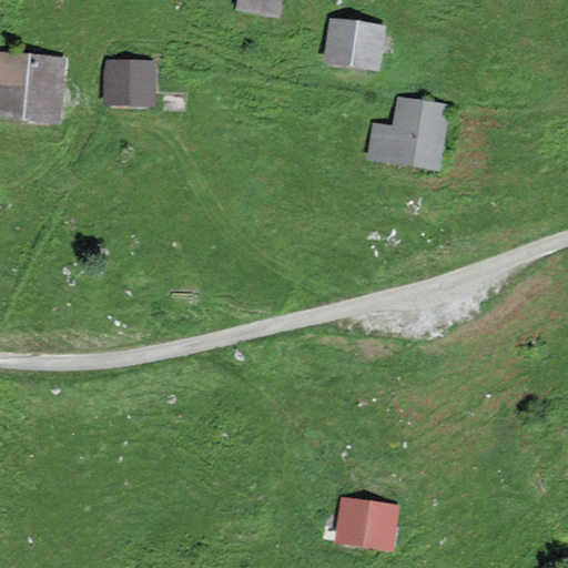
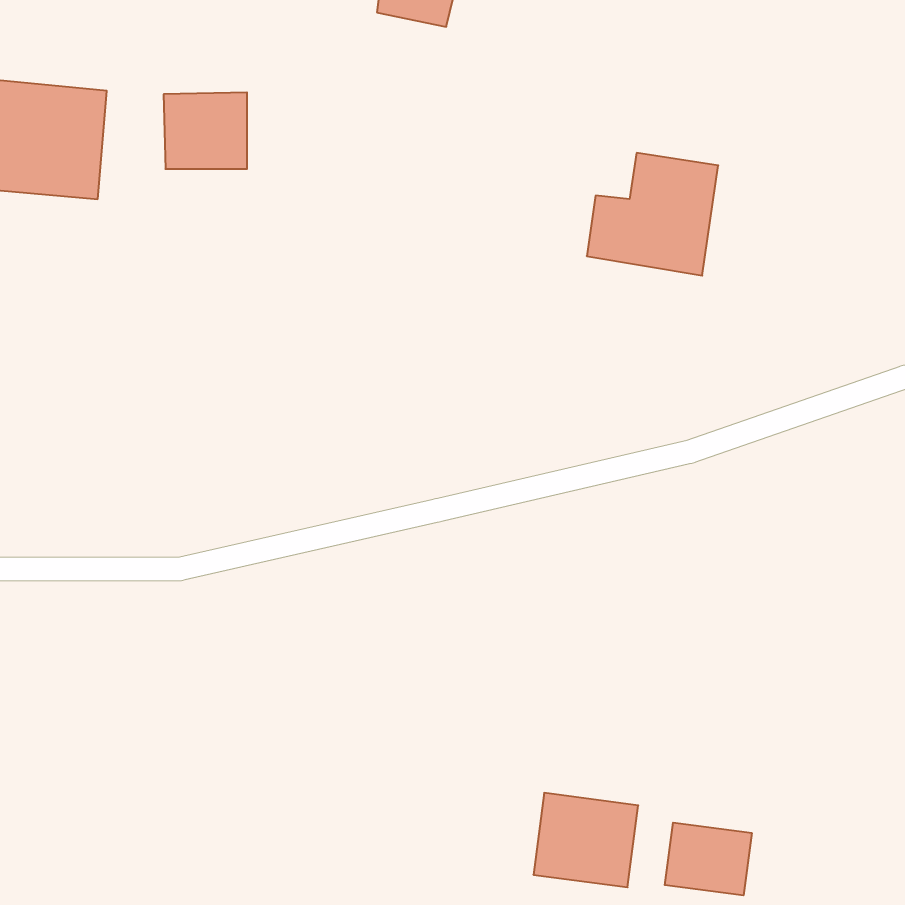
building: [322,16,386,71] -> none
building: none -> [665,823,752,895]

